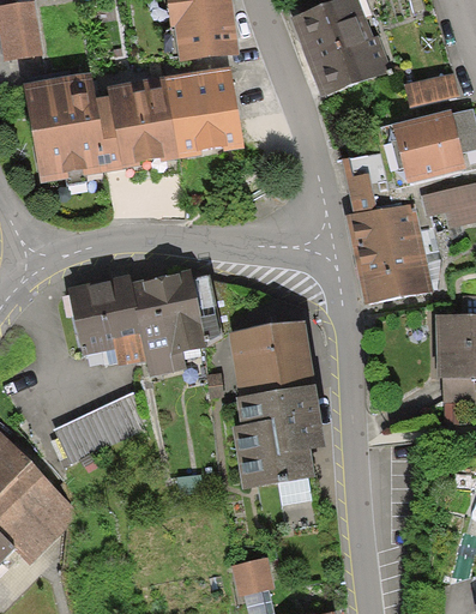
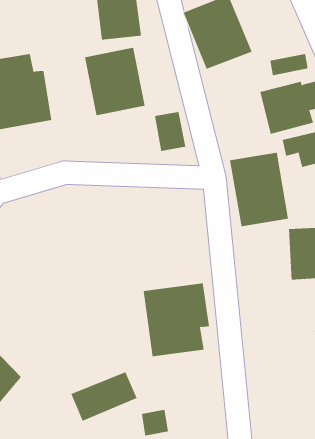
building: [102,80,174,165] -> none
building: [345,165,388,219] -> [154,111,186,151]
building: [74,269,219,372] -> none
building: [227,315,319,396] -> none
building: [53,395,143,462] -> [71,372,137,421]

